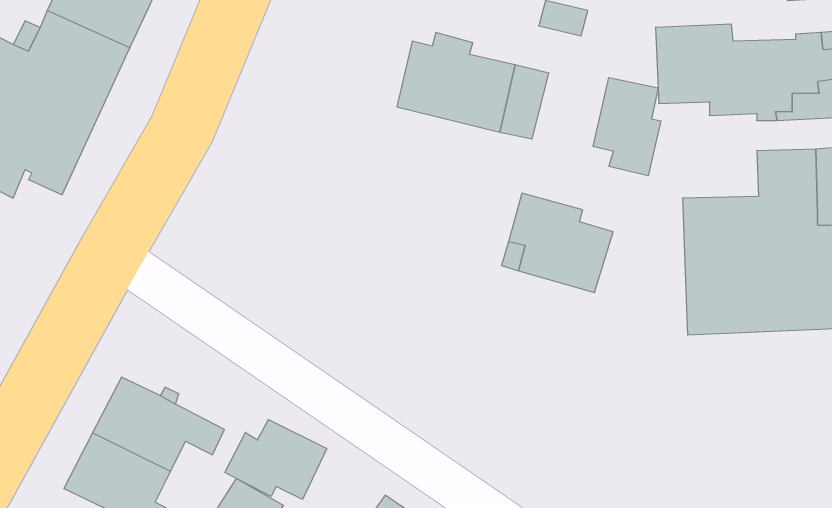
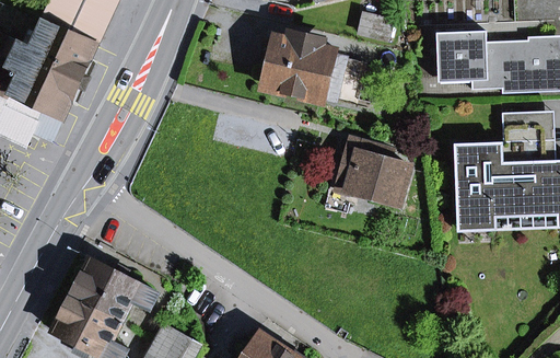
building: [593,78,661,176] -> none
building: [225,419,327,499] -> none

